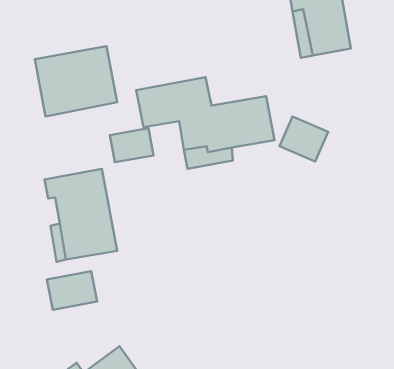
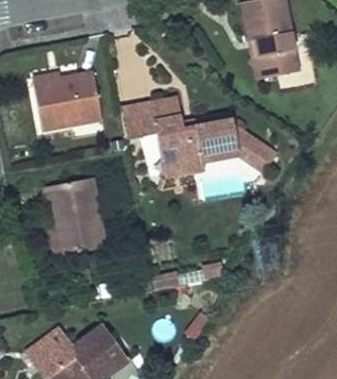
building: [110,128,154,162] -> none
building: [47,271,97,310] -> none

